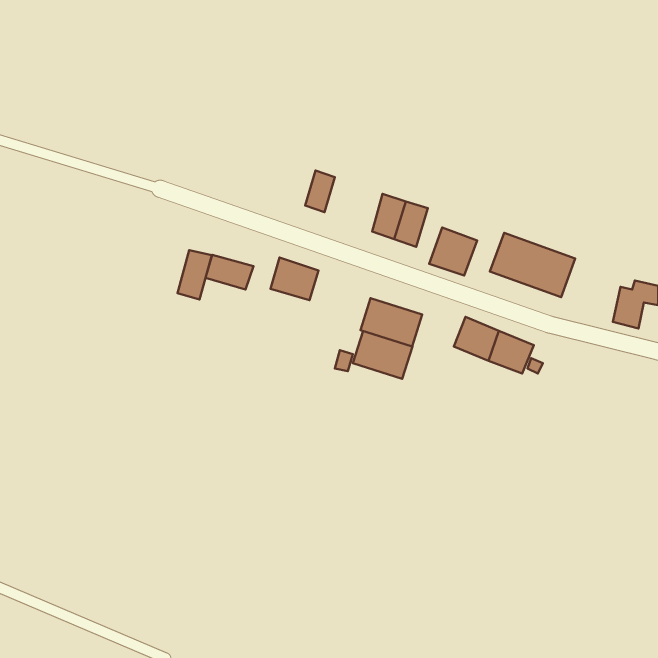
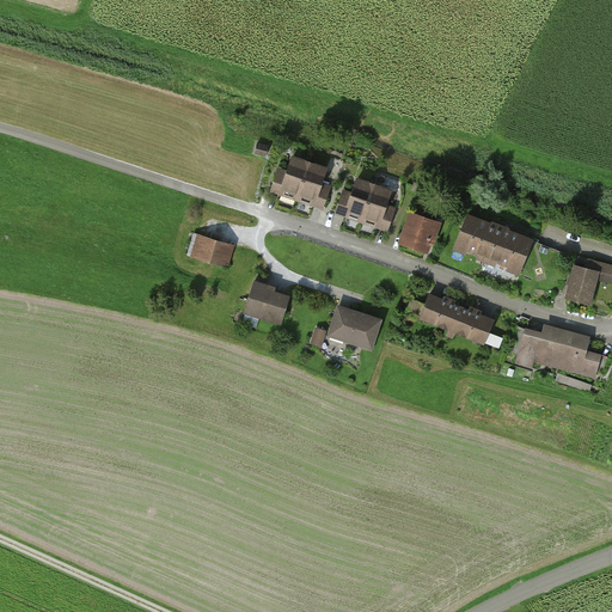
building: none -> [300,164,329,201]
building: [177,250,212,300] -> none
building: [271,258,318,300] -> [244,283,288,323]
building: [360,298,422,346] -> none
building: none -> [509,324,601,378]

